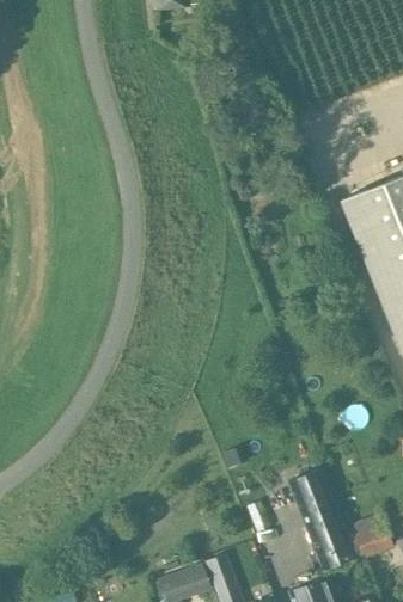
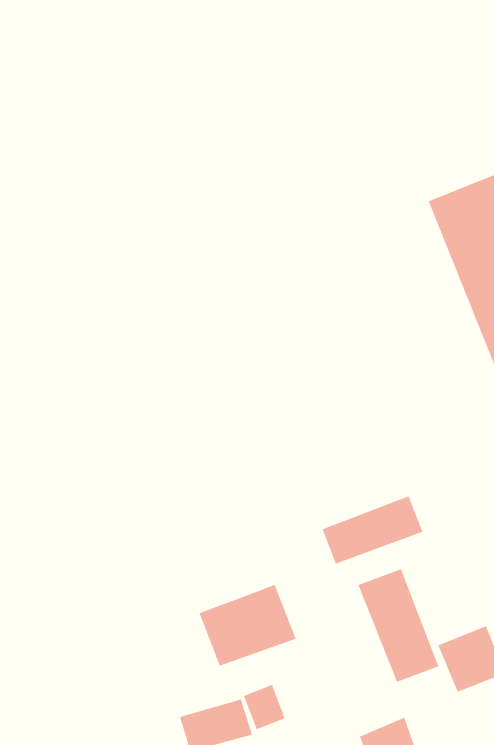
building: none -> [322,496,423,564]
building: none -> [199,584,296,666]

